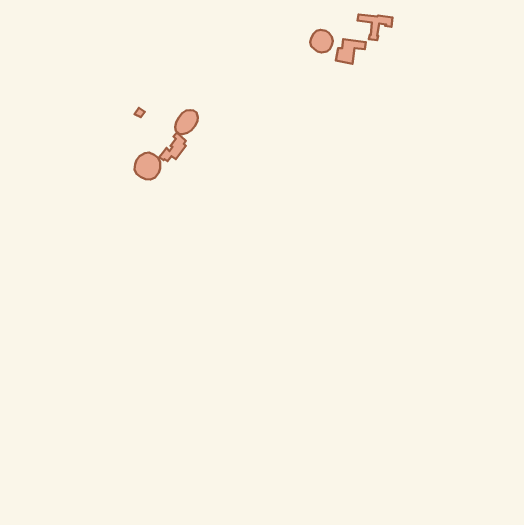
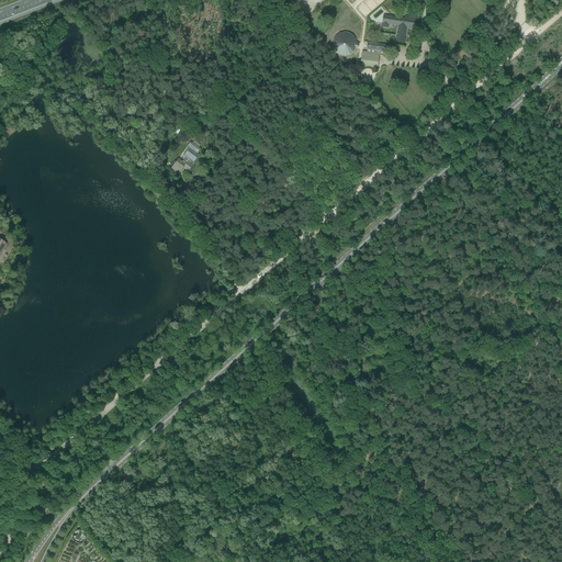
building: [175,110,198,134] -> none
building: [134,153,160,180] -> none

